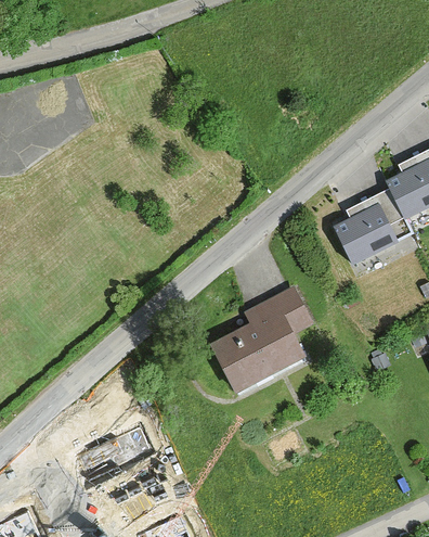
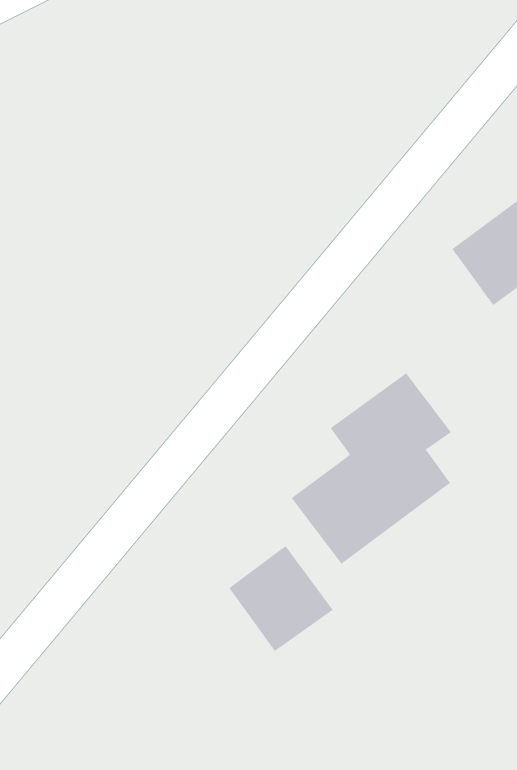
building: none -> [228,545,334,652]

